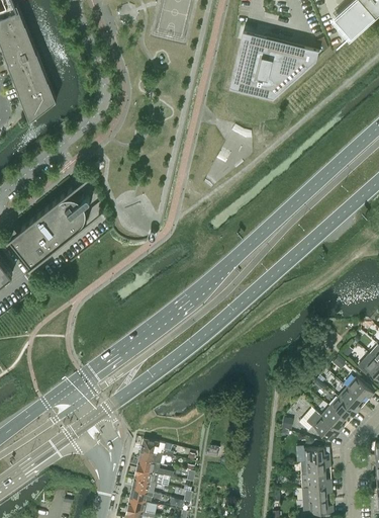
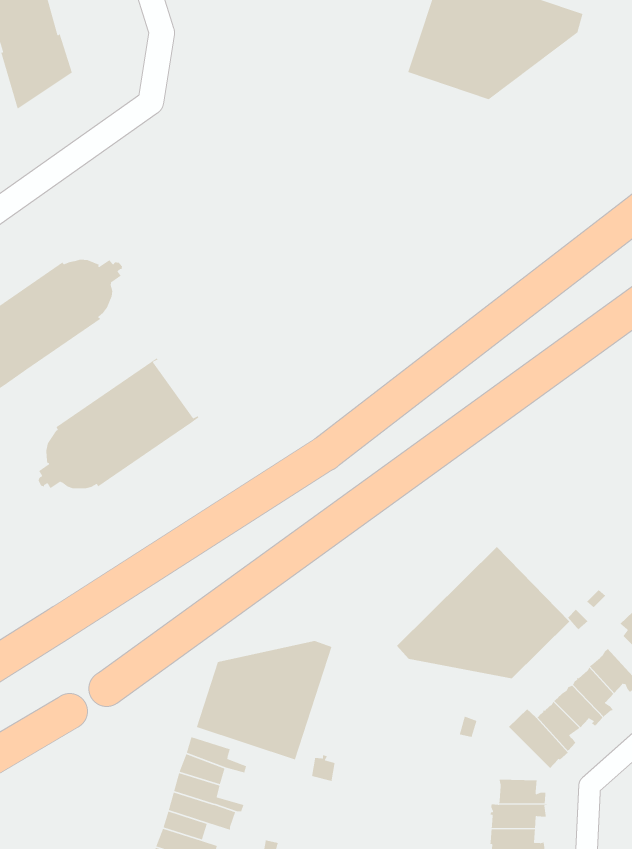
building: none -> [38,357,200,489]
building: none -> [396,546,570,679]
building: none -> [196,640,332,760]

